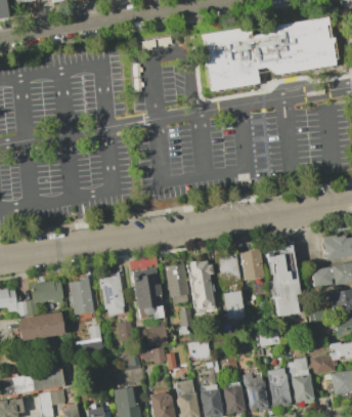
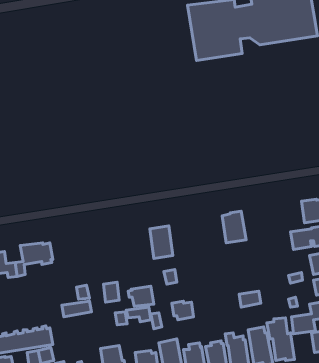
building: [266,245,299,316] -> none
building: [215,252,240,284] -> none
building: [187,260,215,310] -> none
building: [130,267,165,318] -> none
building: [99,270,125,315] -> none
building: [69,276,94,314] -> none
building: [222,290,244,320] -> none
building: [17,310,64,340] -> none

